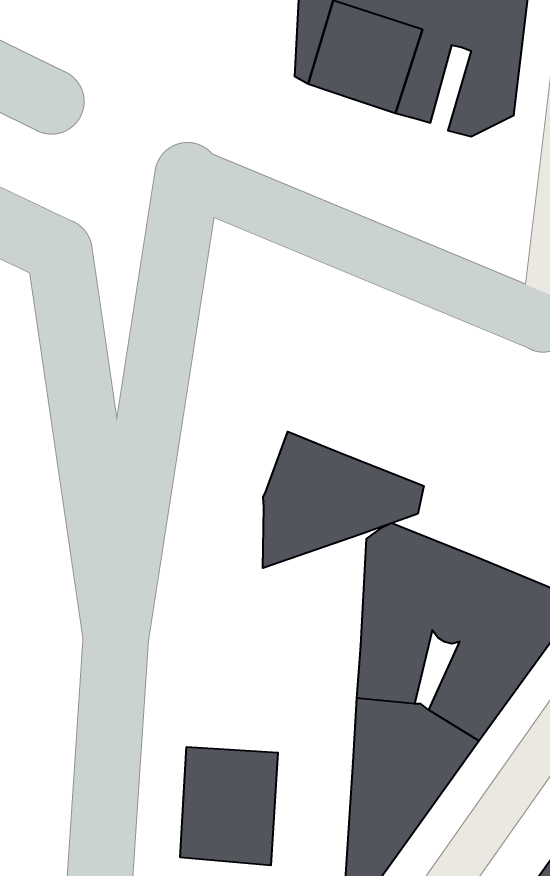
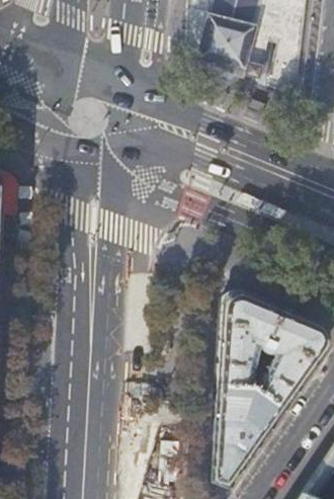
building: [263,432,424,568] -> none
building: [180,747,278,865] -> none

